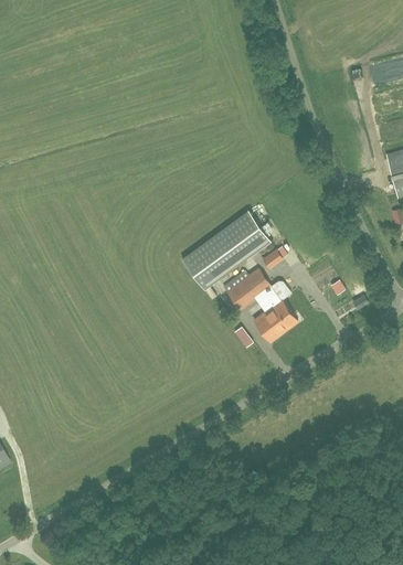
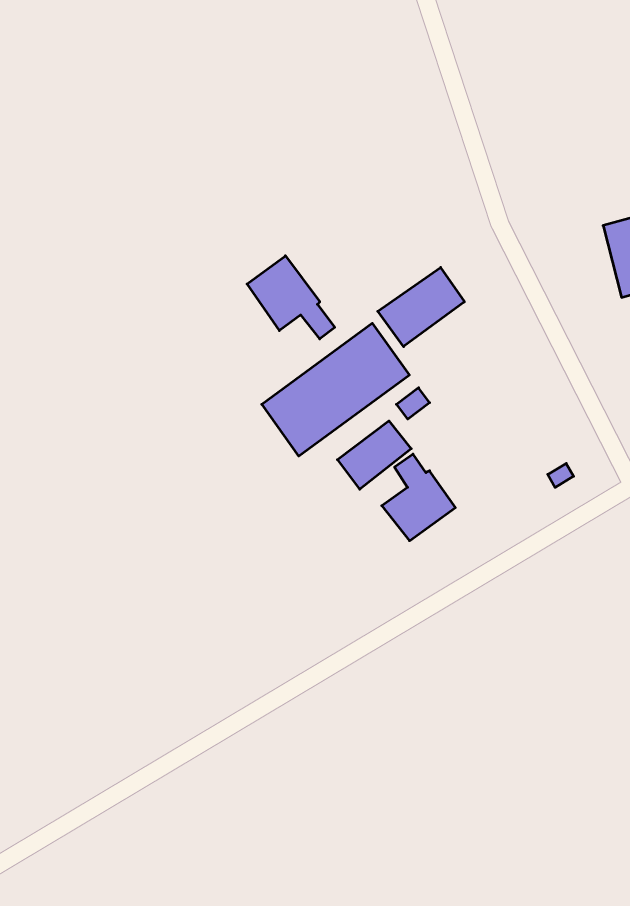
building: none -> [247,256,335,339]
building: none -> [378,267,464,347]

